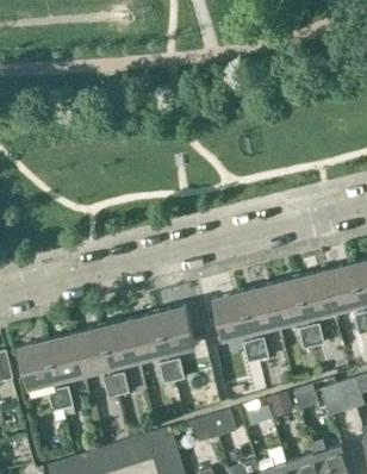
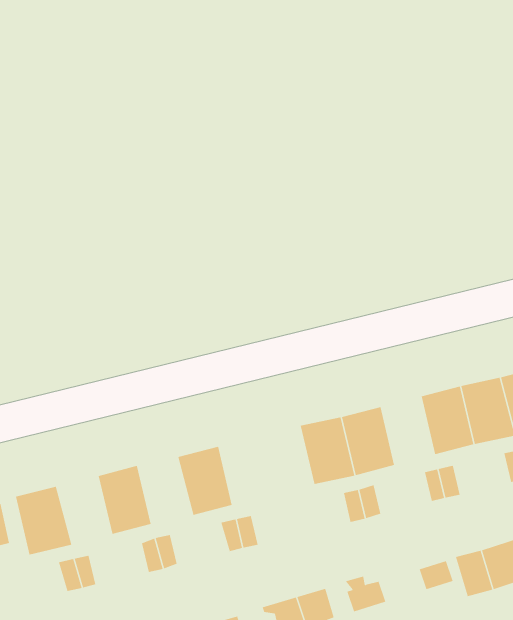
building: [268,279,305,326] -> none
building: [156,306,194,354] -> none
building: [100,320,138,367] -> none
building: [44,333,82,381] -> none

